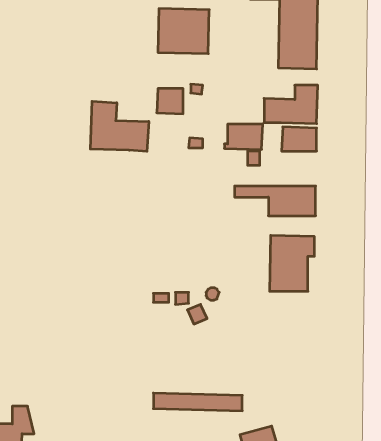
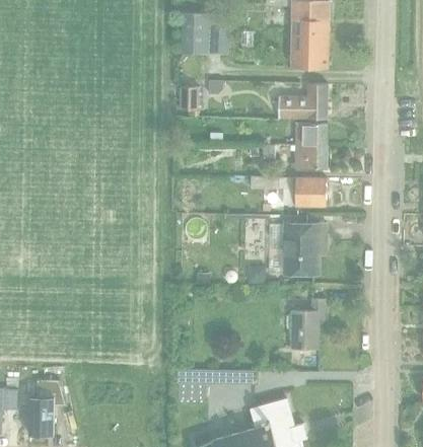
building: [90,101,149,151] -> none
building: [224,124,263,149] -> [291,144,327,167]
building: none -> [290,299,324,349]

